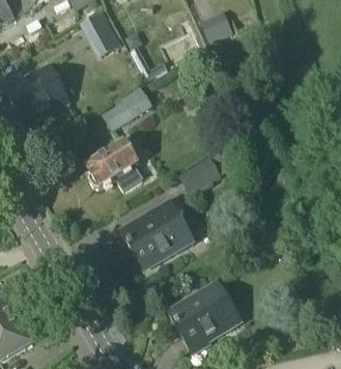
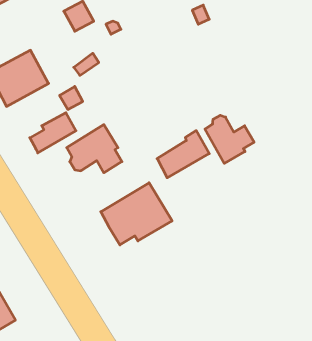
building: [103,87,150,129] -> [30,113,76,153]
building: none -> [205,115,254,163]
building: [168,281,240,349] -> none

